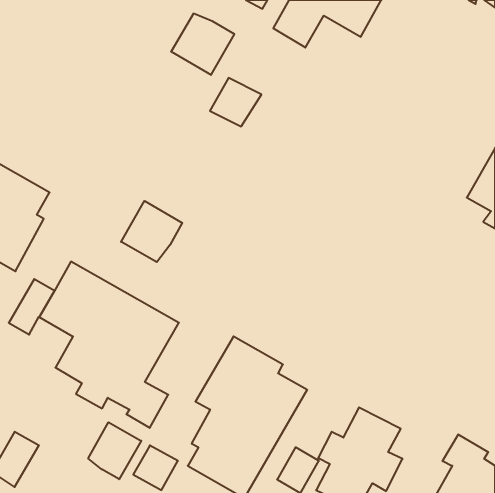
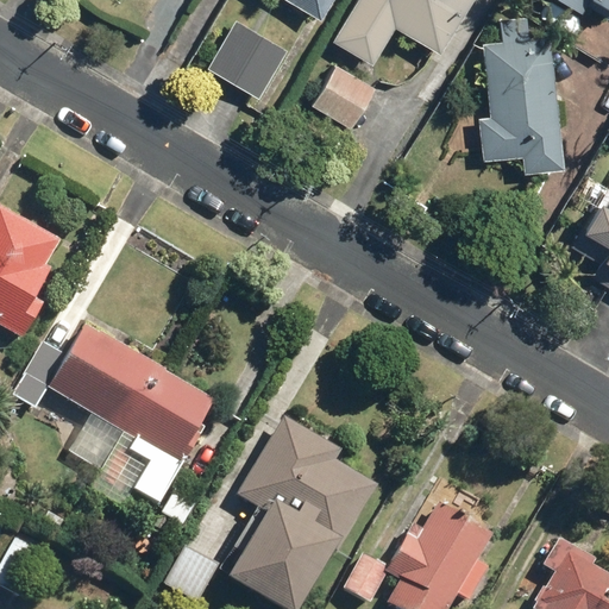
building: none -> [477,13,564,172]
building: [210,78,261,126] -> [312,65,375,125]
building: [121,201,182,262] -> none
building: [88,422,141,479] -> none

